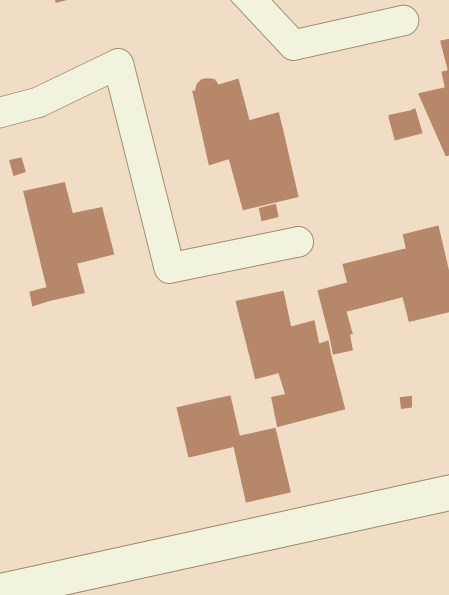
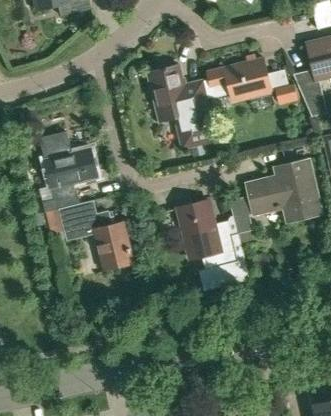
building: none -> [202,58,270,100]
building: [175,395,292,503] -> [57,200,132,270]

